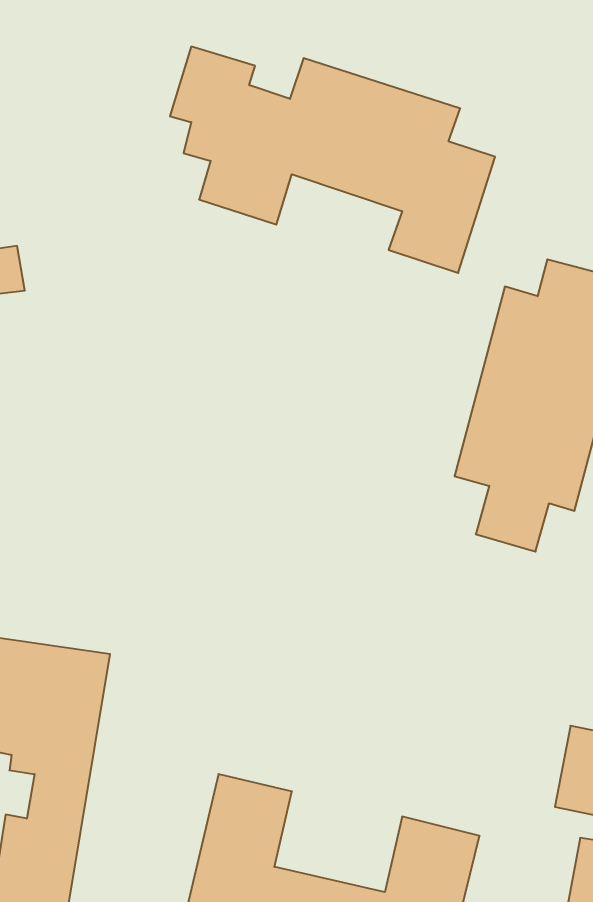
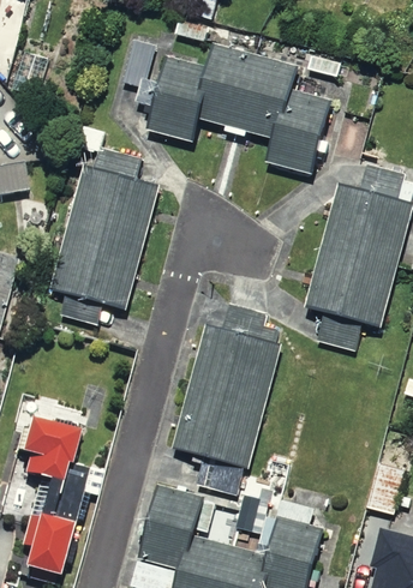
building: none -> [59,146,169,324]
building: none -> [172,314,273,493]

